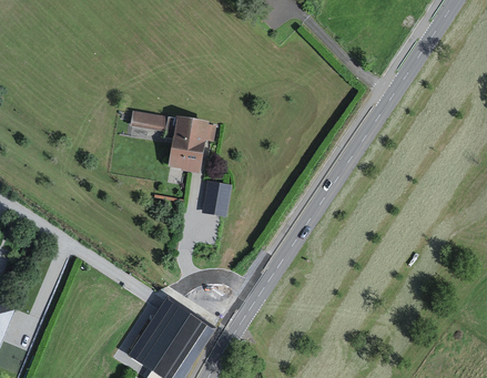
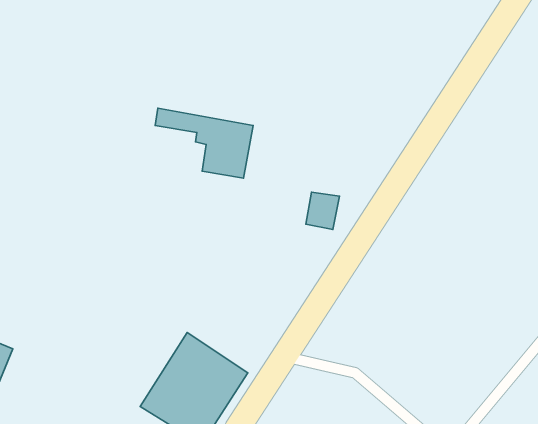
building: [204,181,232,212] -> [306,192,340,230]

